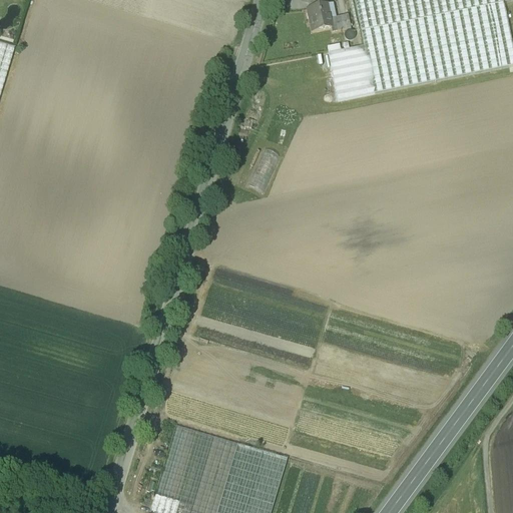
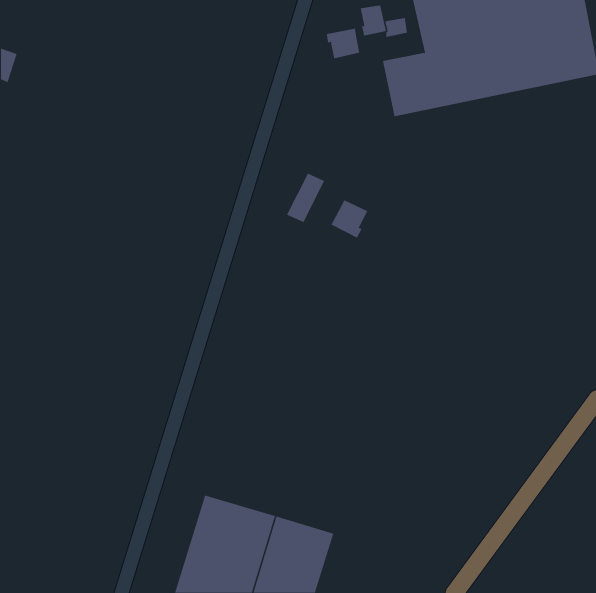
building: none -> [326,28,360,59]
building: none -> [331,200,368,238]

